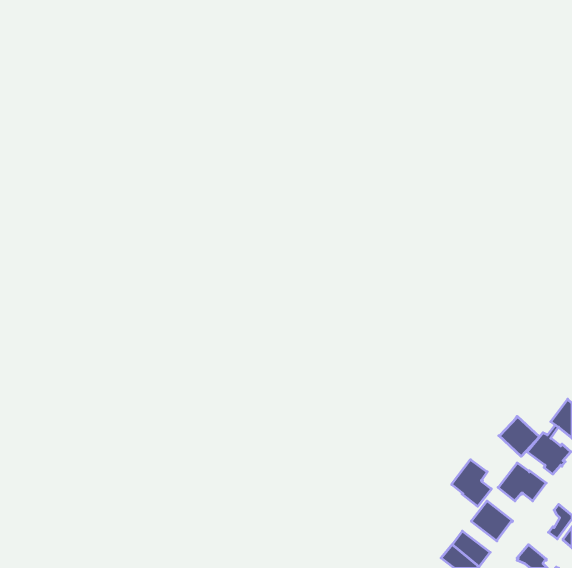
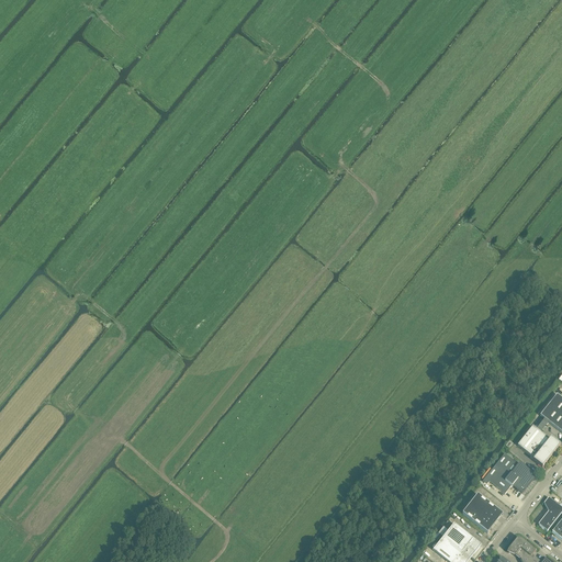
building: [499,416,539,456] -> none
building: [452,460,491,506] -> none

